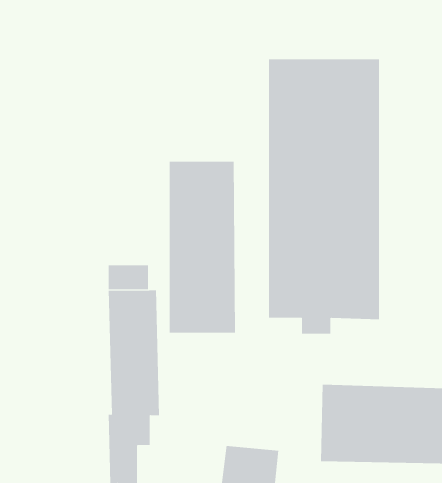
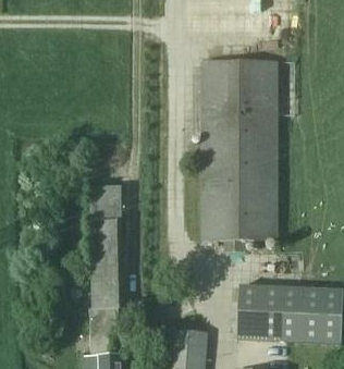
building: [169,161,236,333] -> none

